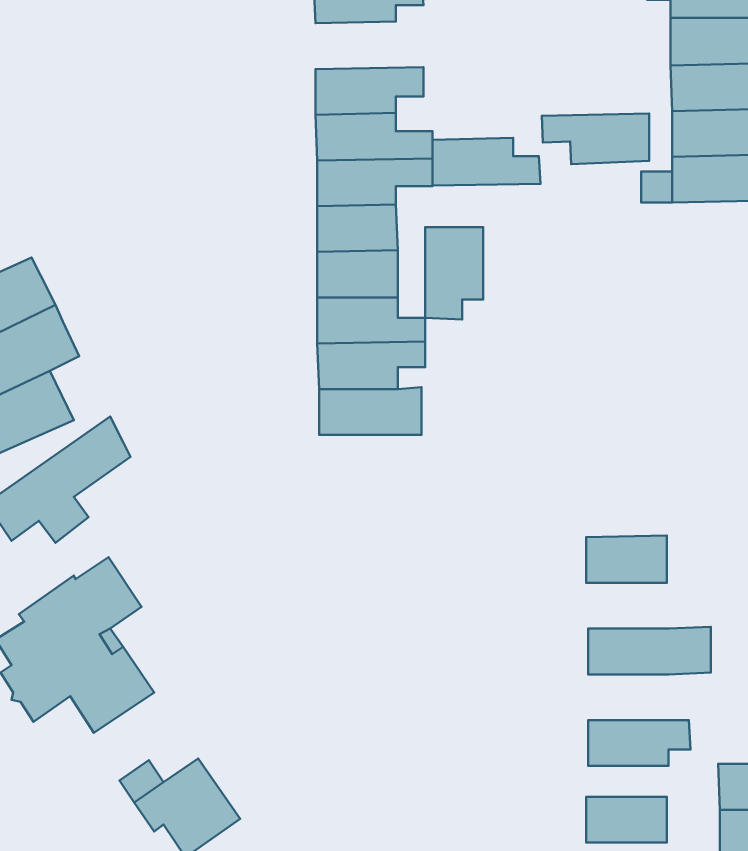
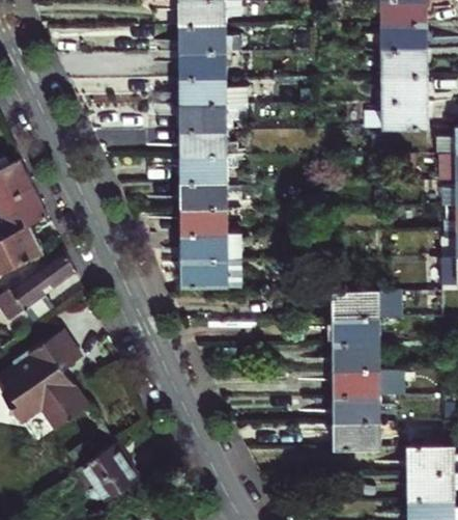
building: [542,114,649,164] -> none
building: [433,138,541,186] -> [179,26,240,53]
building: [425,227,483,319] -> none
building: none -> [181,261,239,286]
building: none -> [333,292,402,319]
building: none -> [333,345,379,371]
building: [586,797,667,843] -> [334,396,379,422]

